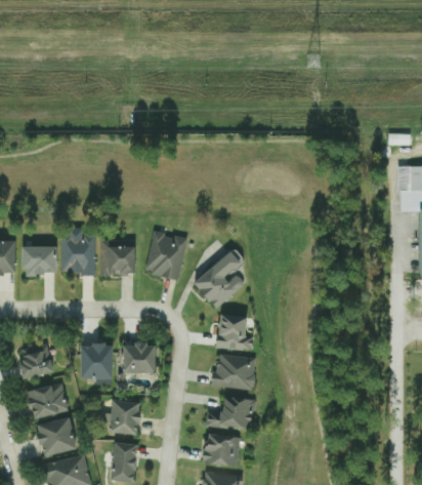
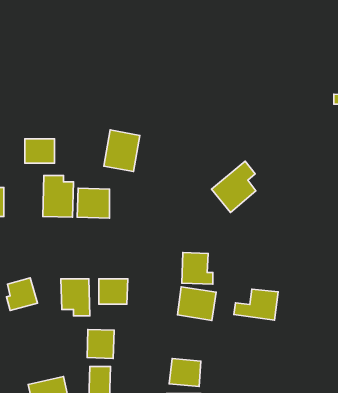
building: [144,232,185,279] -> [104,130,140,172]
building: [23,246,56,274] -> [25,139,55,163]
building: [194,250,244,309] -> [212,161,256,213]
building: [27,381,68,419] -> none
building: [204,396,254,431] -> [234,289,278,320]
building: [36,416,77,456] -> none

